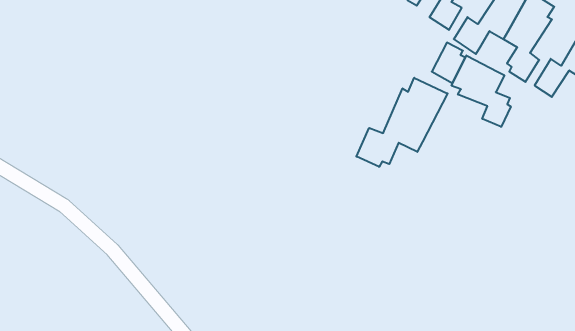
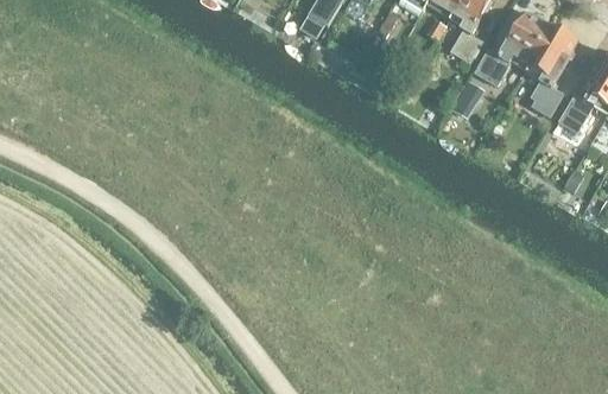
building: [452,55,511,127] -> none
building: [356,78,448,167] -> none

